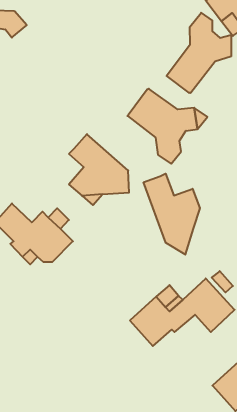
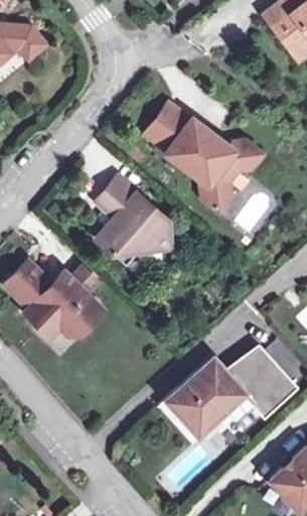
building: [167,13,231,93] -> none
building: none -> [146,104,190,152]
building: [144,174,200,255] -> none

